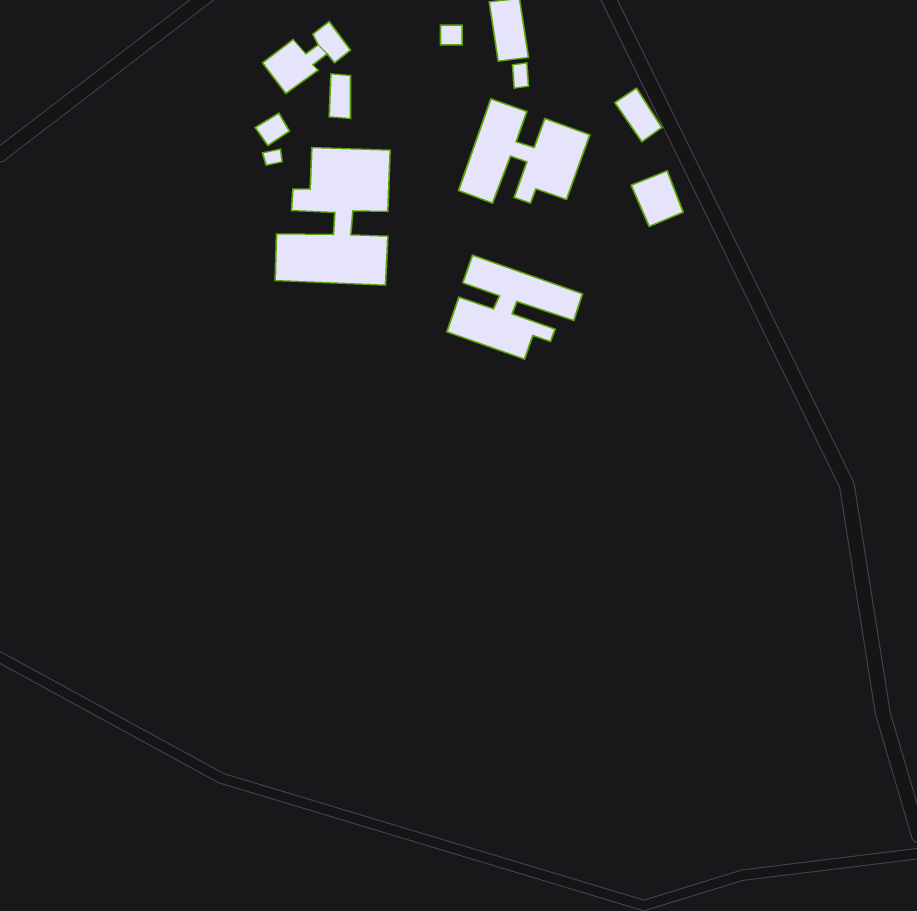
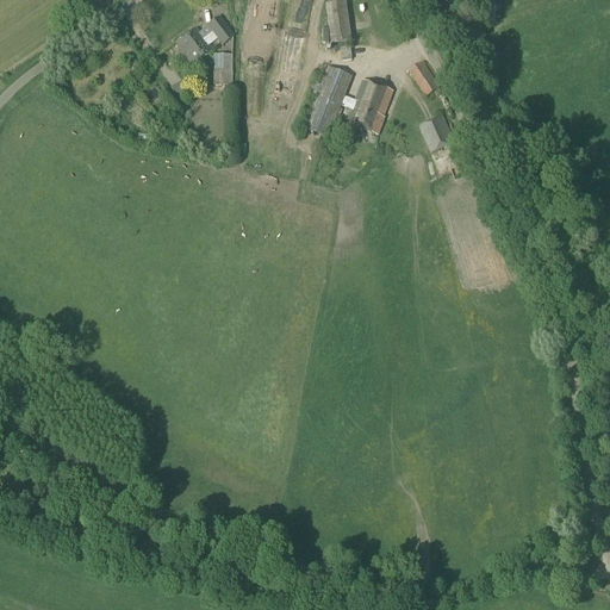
building: [275,148,390,285] -> none
building: [447,255,583,359] -> none

